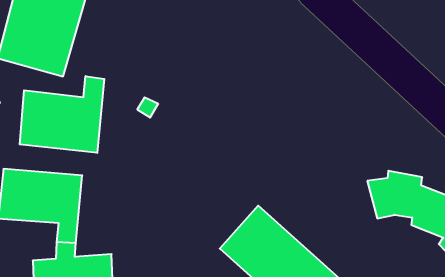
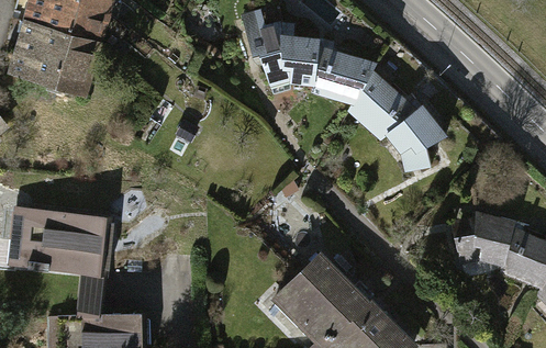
building: none -> [241,13,449,176]
building: [20,76,104,153] -> none

